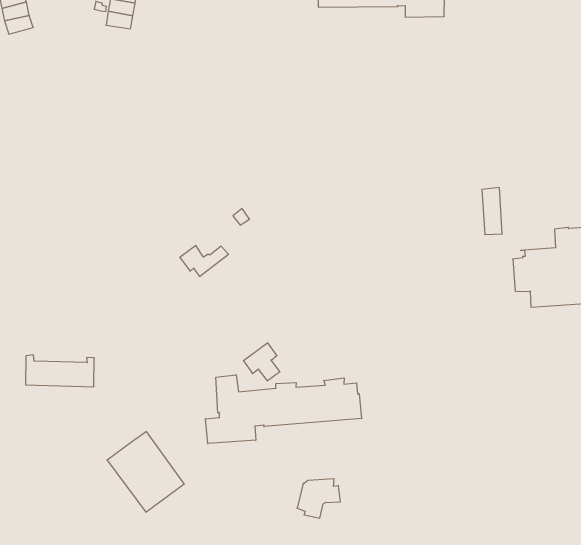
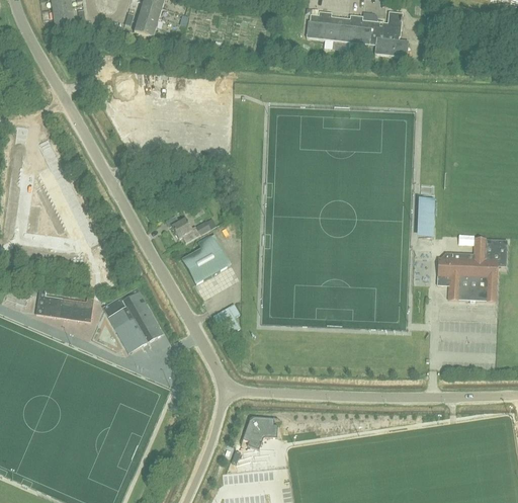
building: none -> [182,235,228,282]
building: [205,375,362,444] -> none
building: [107,432,184,512] -> [102,286,162,351]

